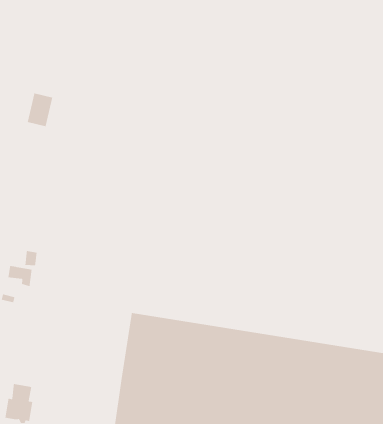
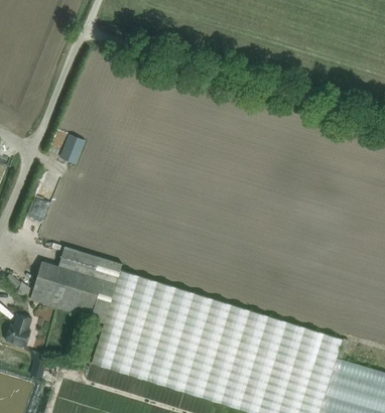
building: [27,93,53,127] -> [59,134,84,163]
building: none -> [29,247,122,322]

